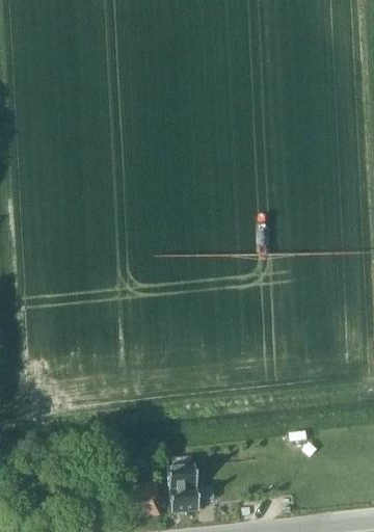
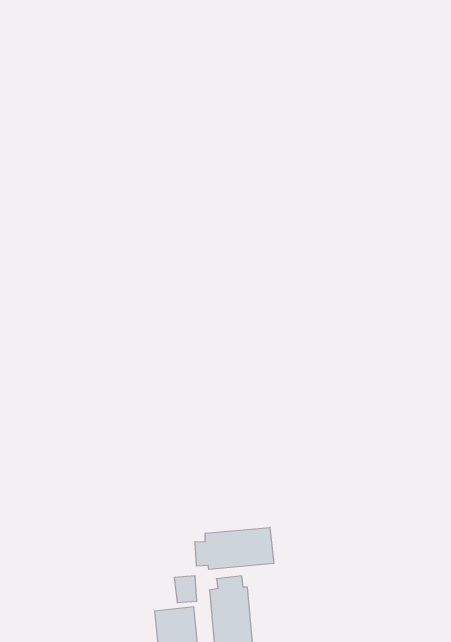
building: none -> [195,527,274,569]

